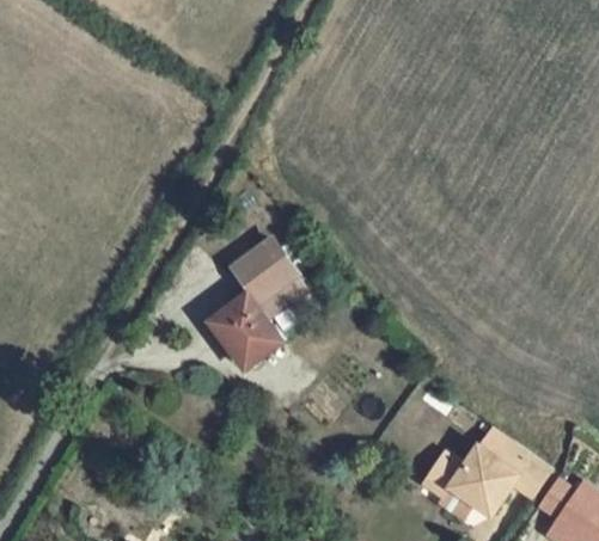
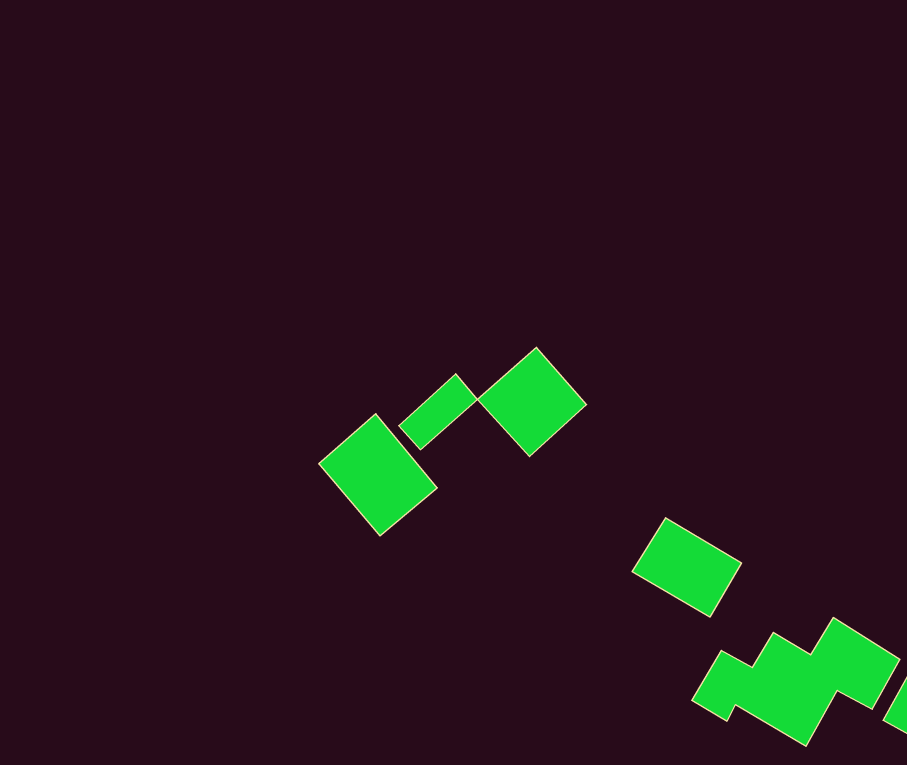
building: [231,236,297,302] -> [478,347,587,457]
building: none -> [632,518,742,617]

